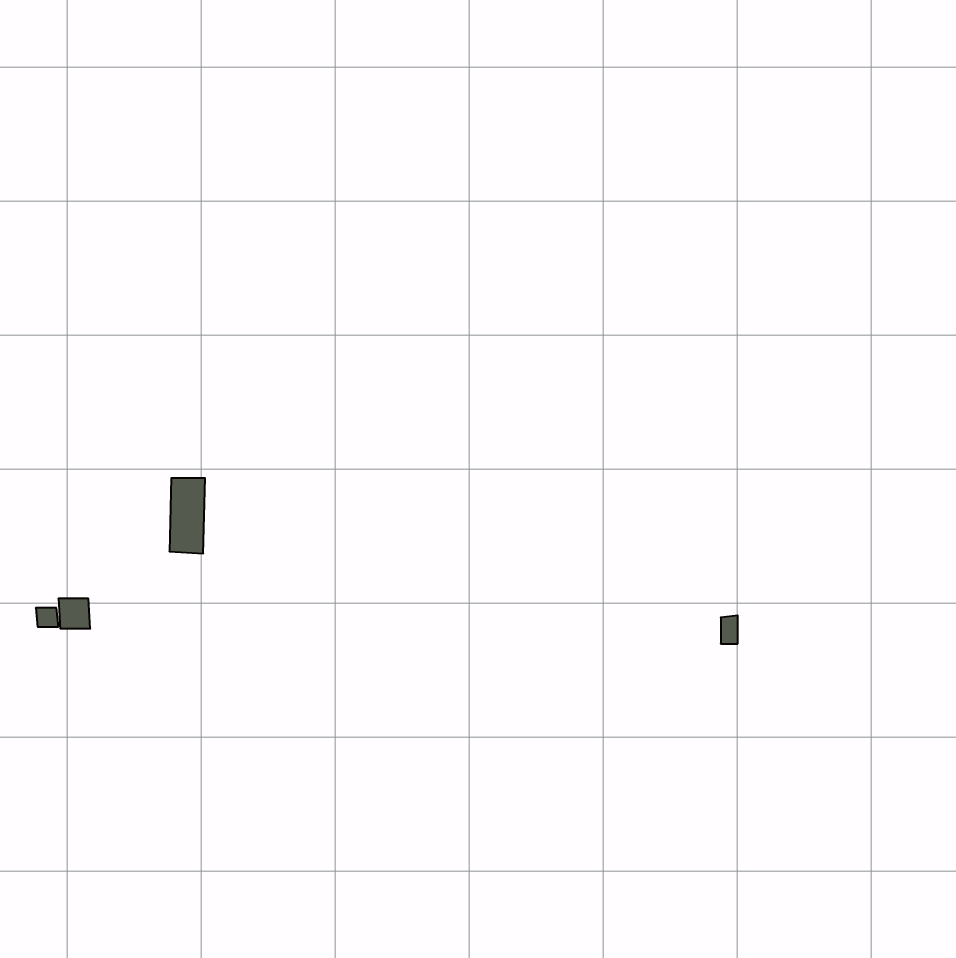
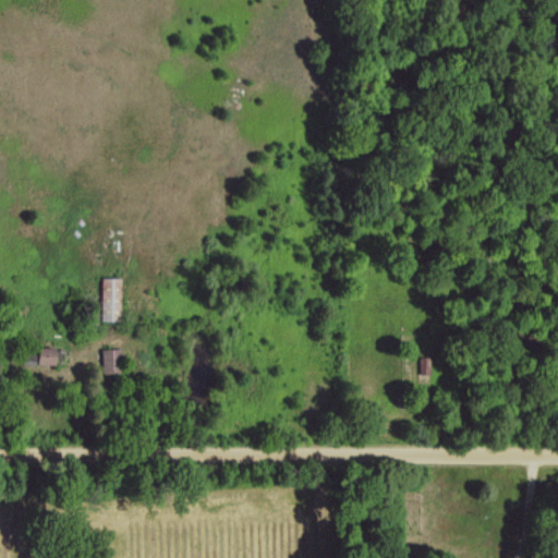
building: none -> [102,350,123,375]

